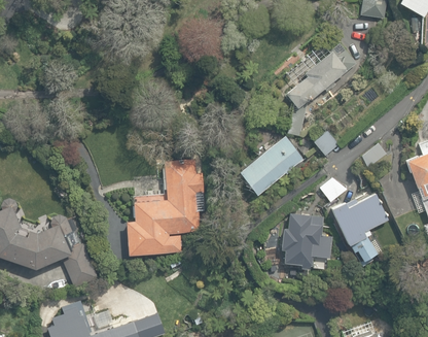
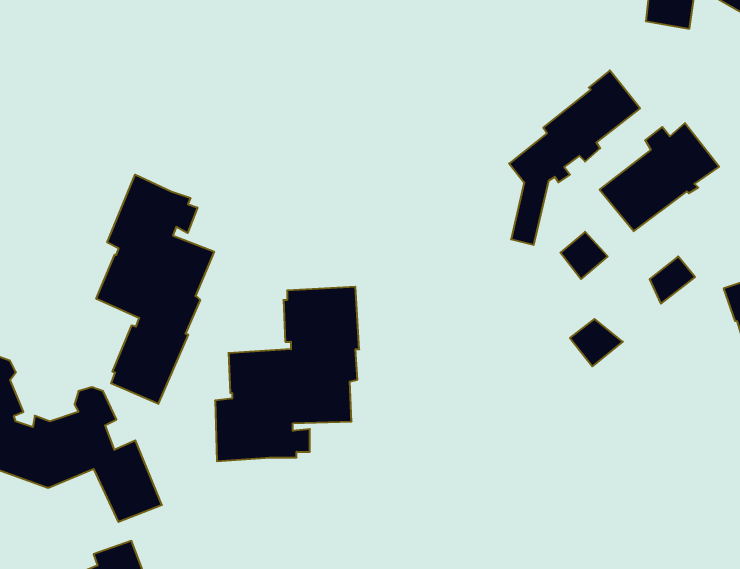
building: none -> [96,175,214,404]
building: [239,136,304,195] -> [600,123,719,231]
building: [330,194,388,262] -> none
building: [281,212,333,269] -> none

